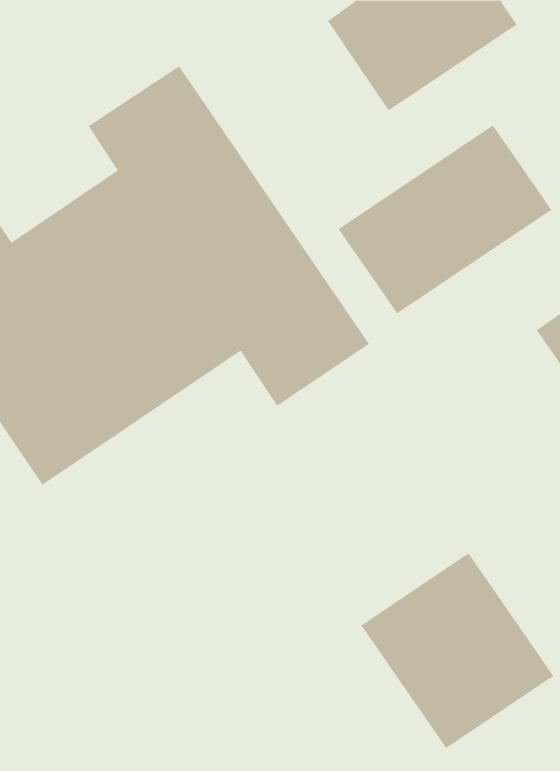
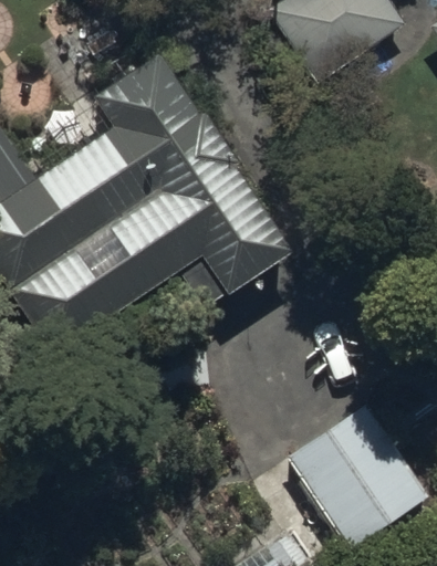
building: [338,125,552,314] -> none

